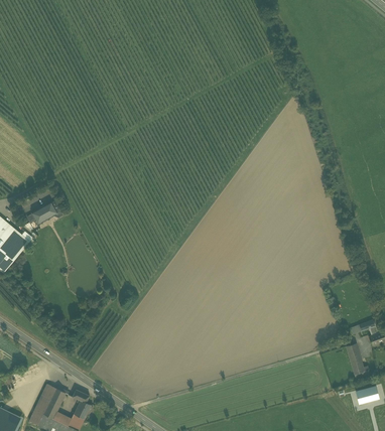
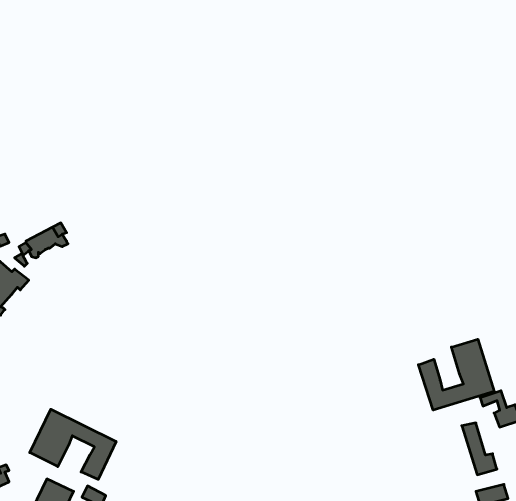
building: none -> [418,339,494,410]
building: none -> [30,409,116,479]

